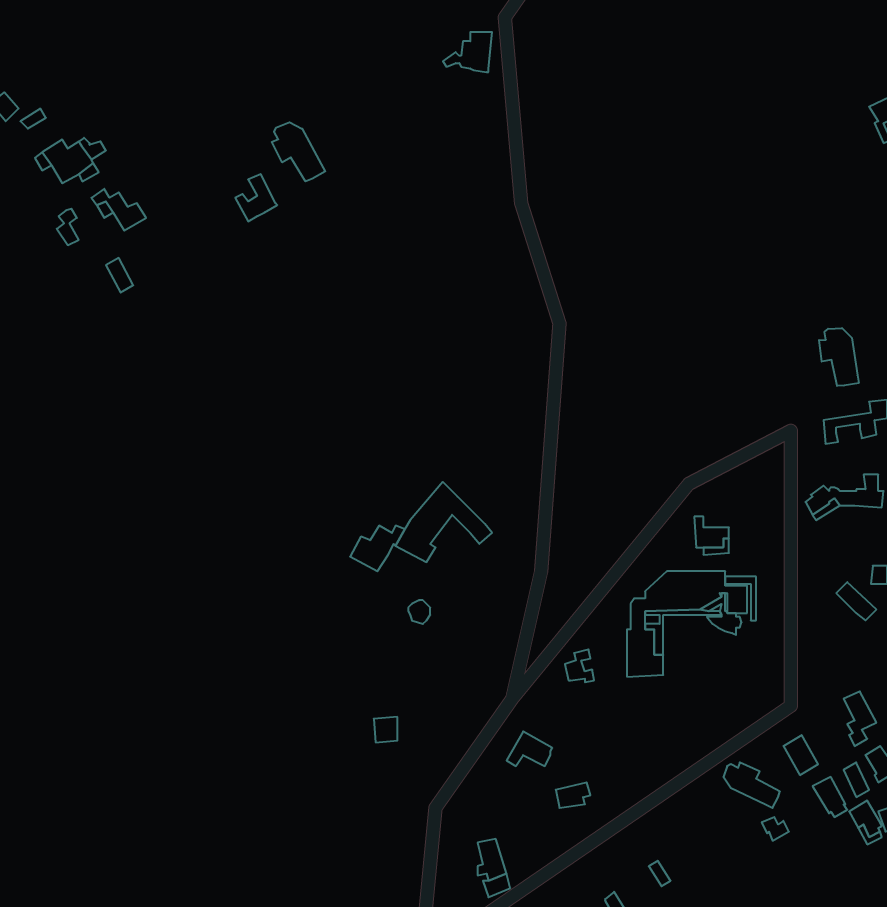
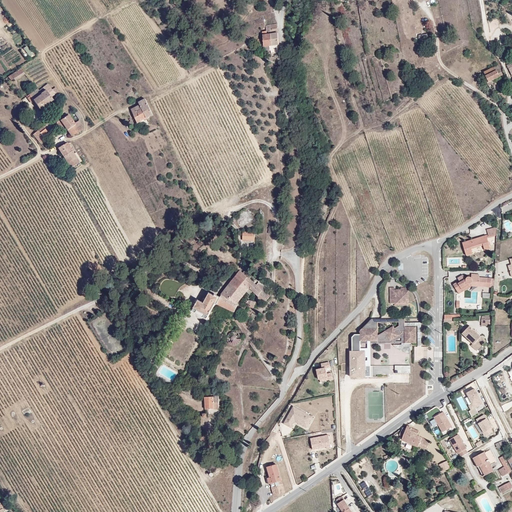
building: [272,122,325,181] -> none
building: [819,328,859,386] -> none

